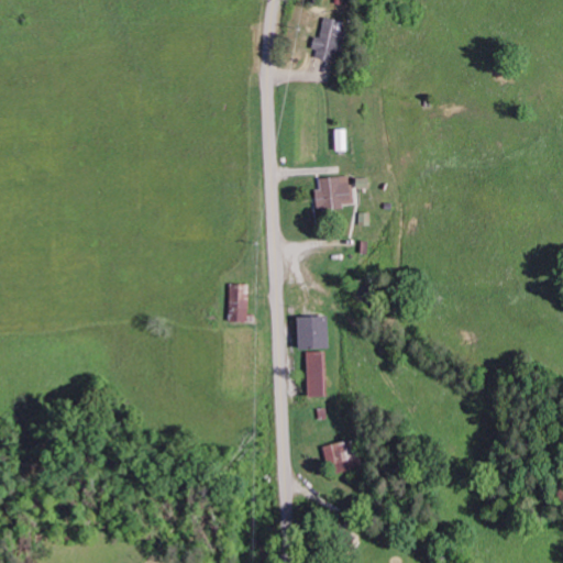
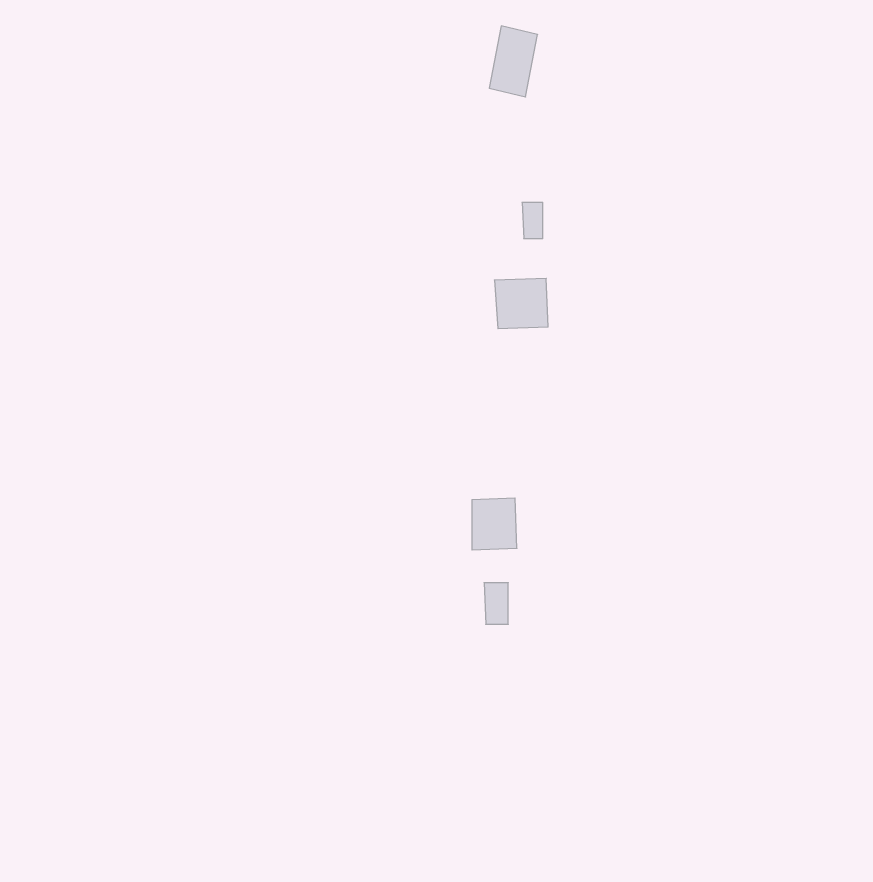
building: [229,284,247,322] -> none
building: [323,441,357,473] -> none

